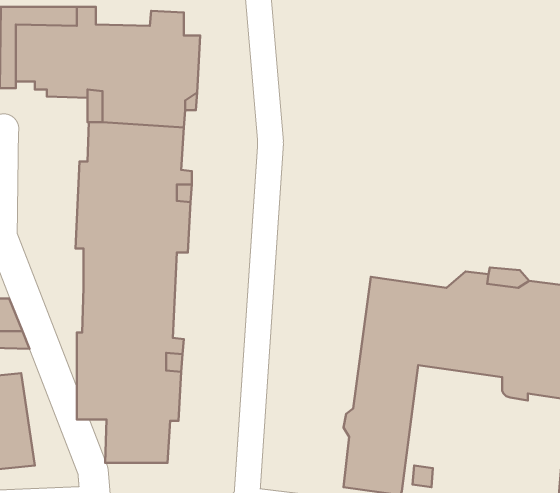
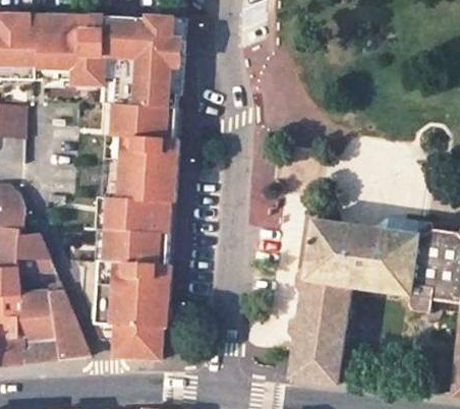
building: none -> [106,16,185,38]
building: none -> [50,291,91,360]

